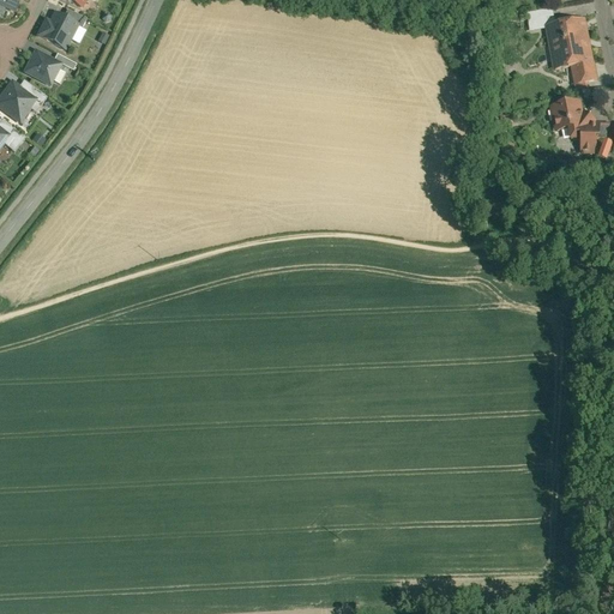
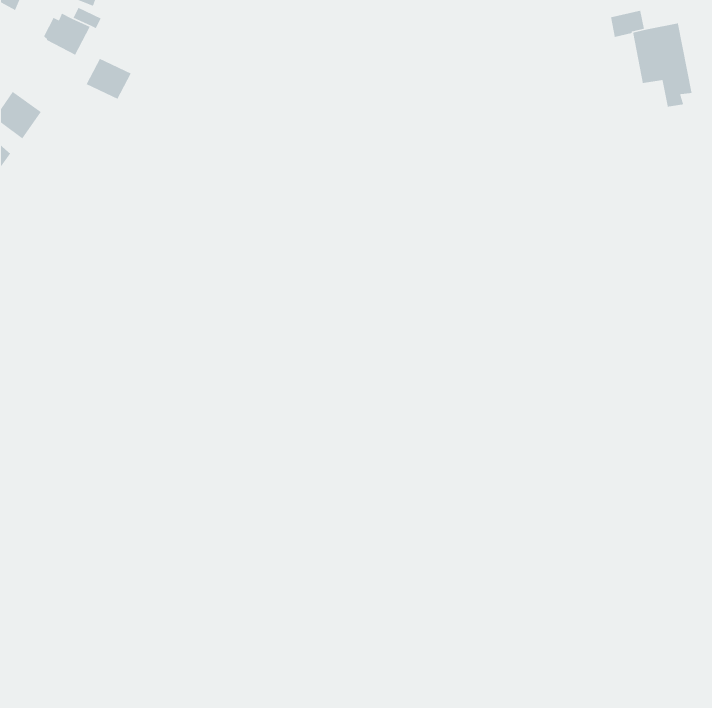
building: [24,47,64,83] -> [86,58,132,100]
building: [548,100,598,155] -> none

